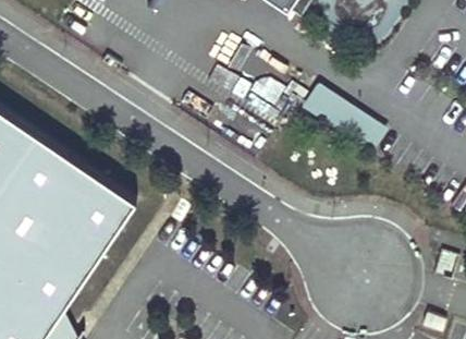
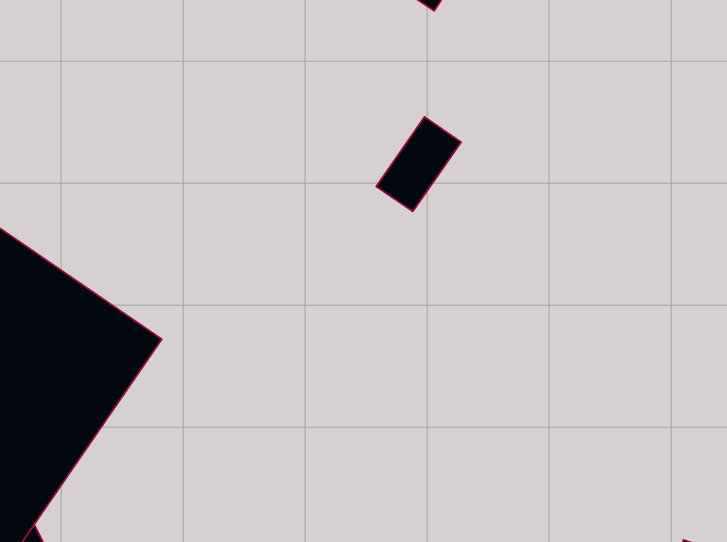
building: [303,86,392,156] -> none

